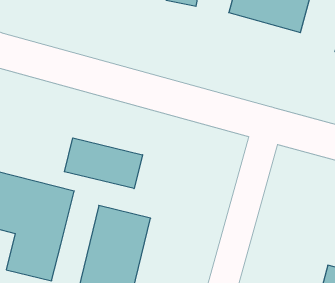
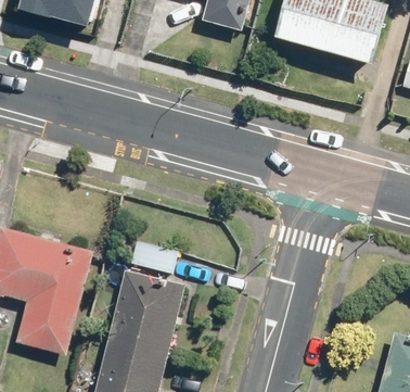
building: [64,138,143,189] -> none

